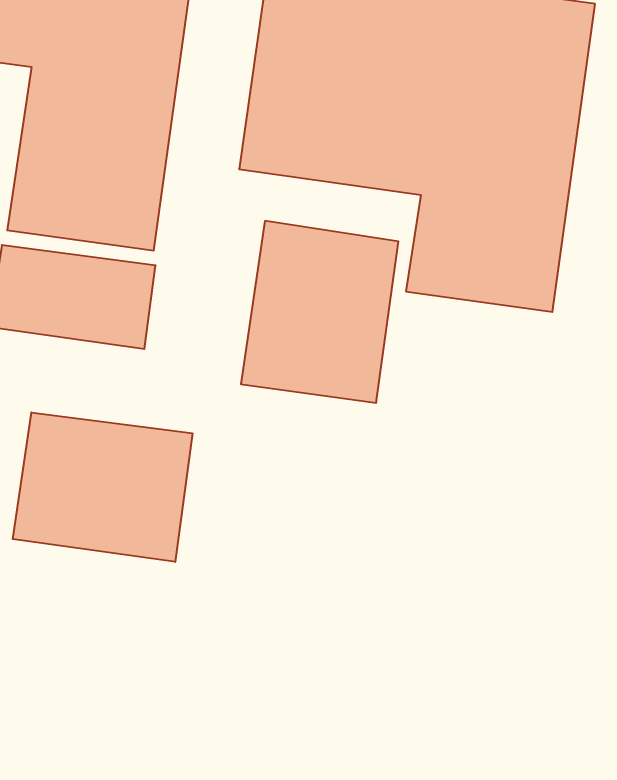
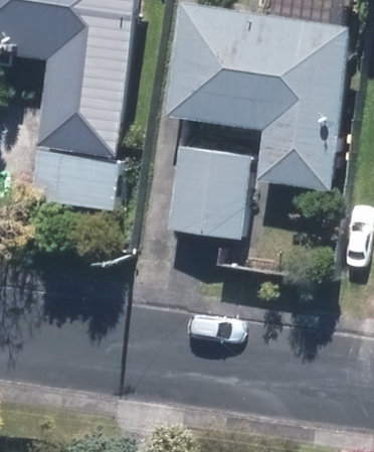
building: [13,412,192,562] -> none

